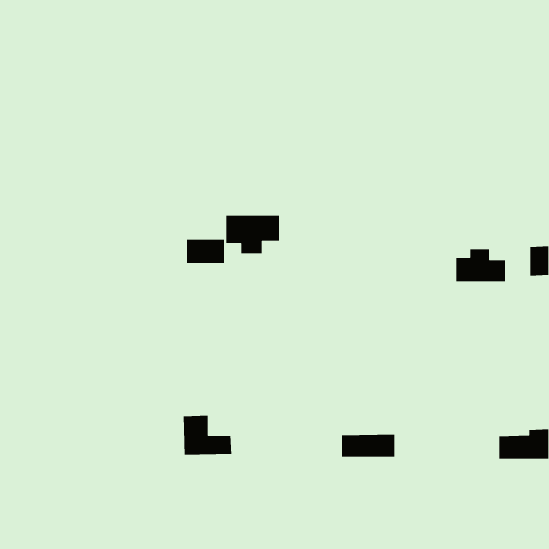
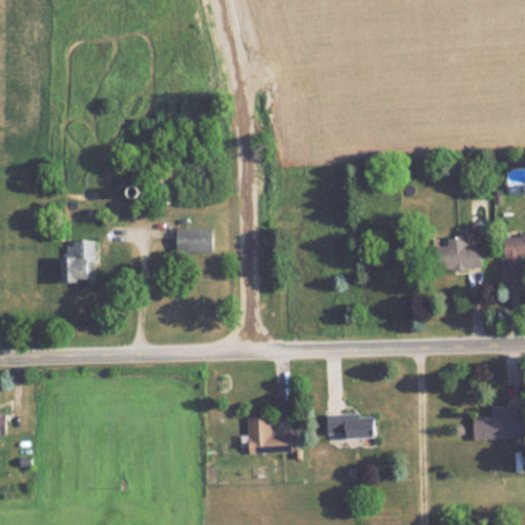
building: [226,215,280,254] -> none
building: none -> [64,241,95,282]
building: [183,415,232,456] -> [247,415,294,454]

